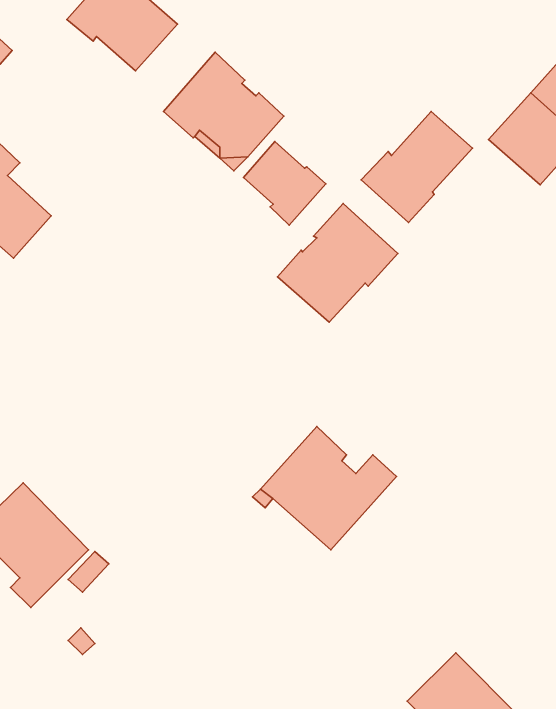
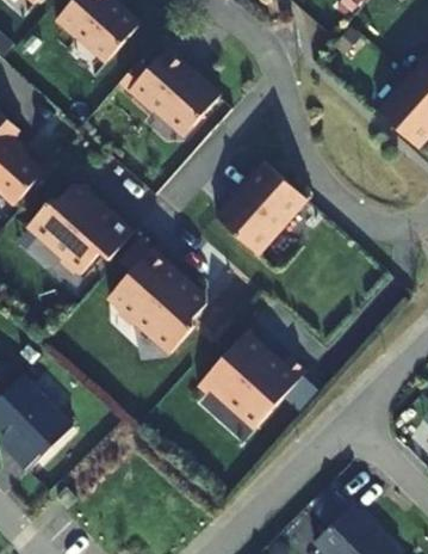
building: [361,112,472,222] -> none
building: [243,142,326,225] -> none
building: none -> [26,184,132,273]
building: none -> [106,238,205,353]

